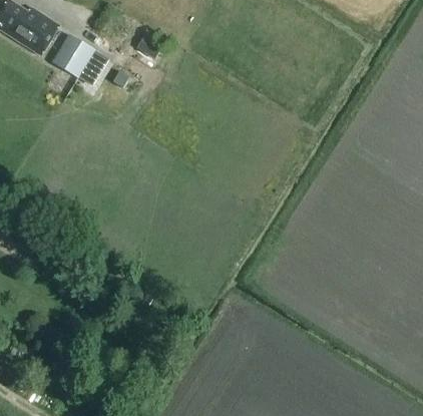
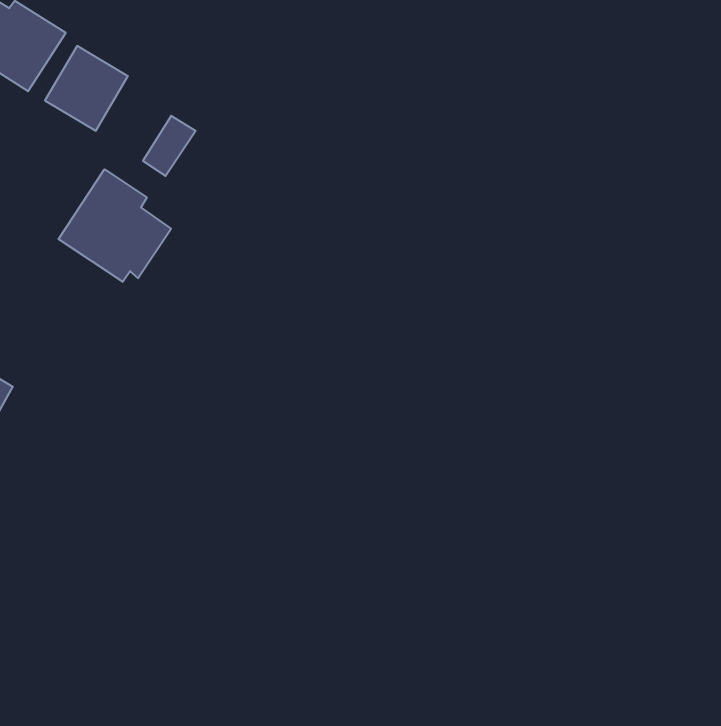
building: none -> [59,169,171,282]

